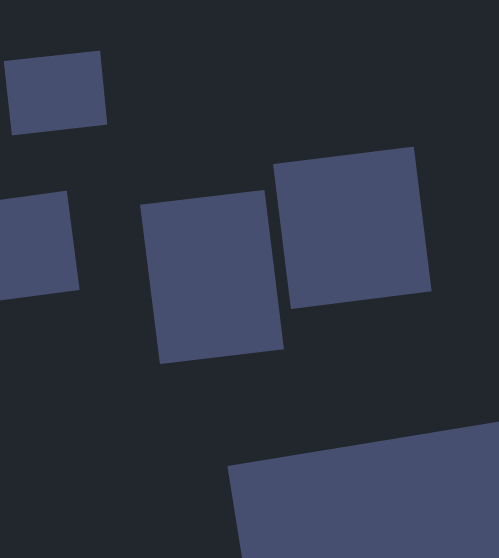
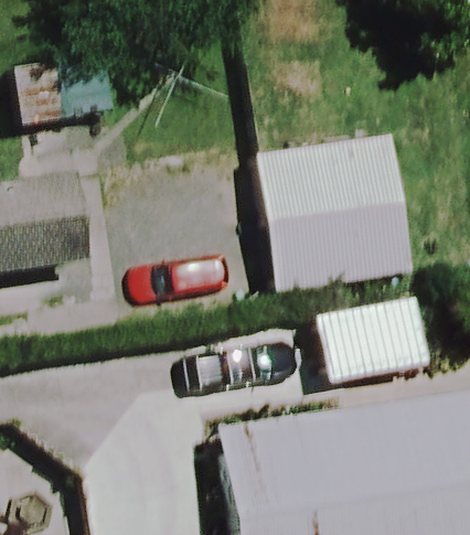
building: [139,189,285,365] -> none

